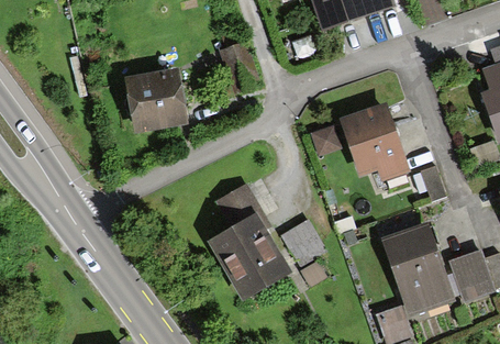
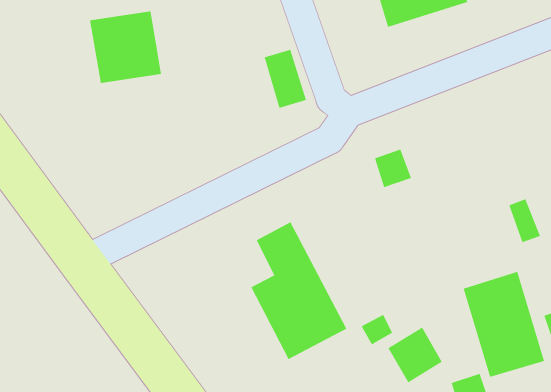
building: [126,69,186,129] -> [89,11,162,83]
building: [340,102,411,180] -> none
building: [282,219,327,265] -> [388,327,443,383]

